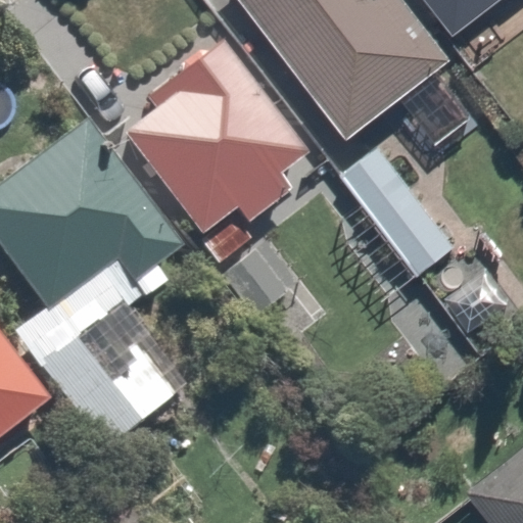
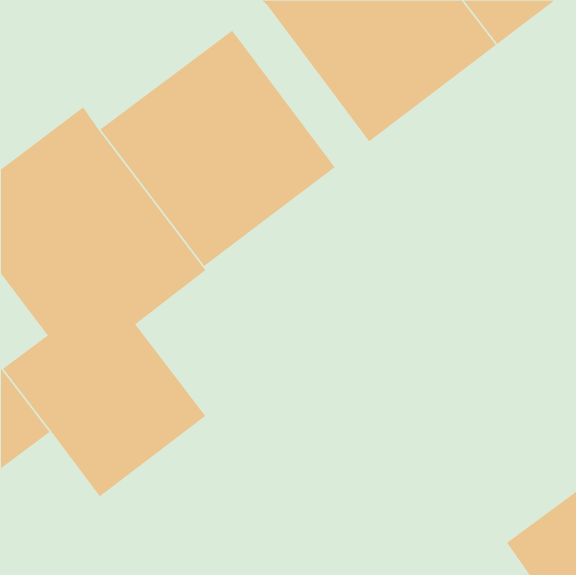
building: [338,146,464,287] -> none

